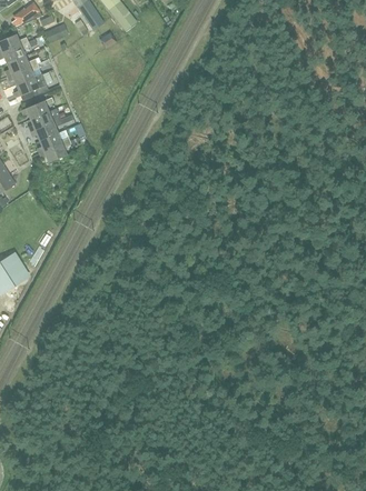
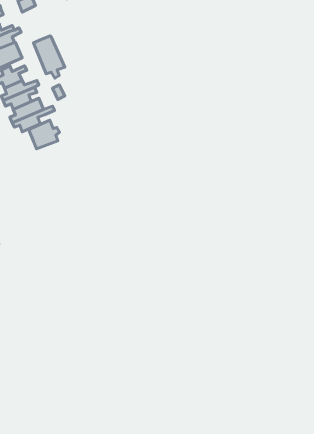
building: none -> [34,36,65,78]
building: none -> [29,120,60,149]

